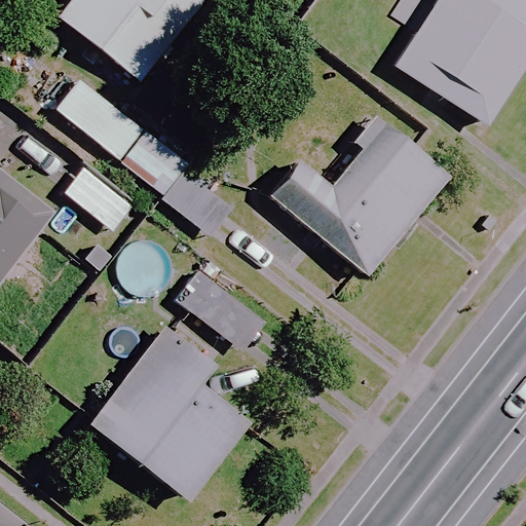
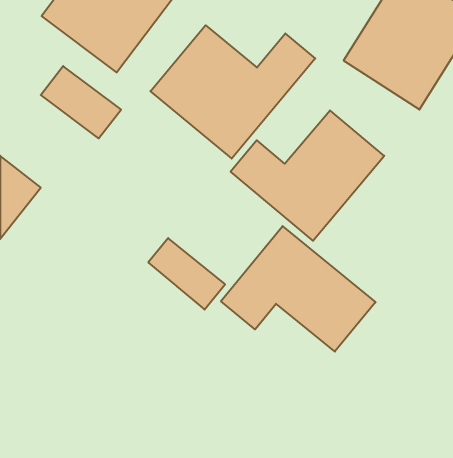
building: none -> [150,25,315,159]
building: none -> [221,226,376,352]
building: [89,325,249,498] -> none

